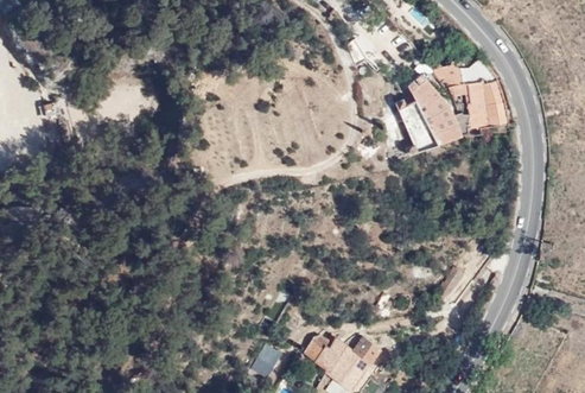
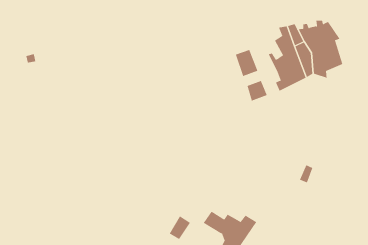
building: none -> [235,49,258,77]
building: none -> [247,80,267,102]

